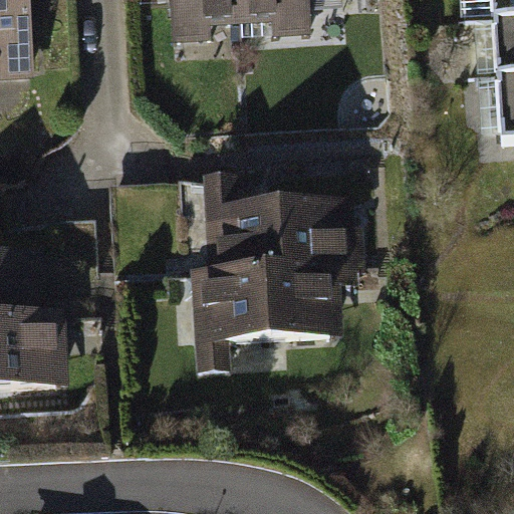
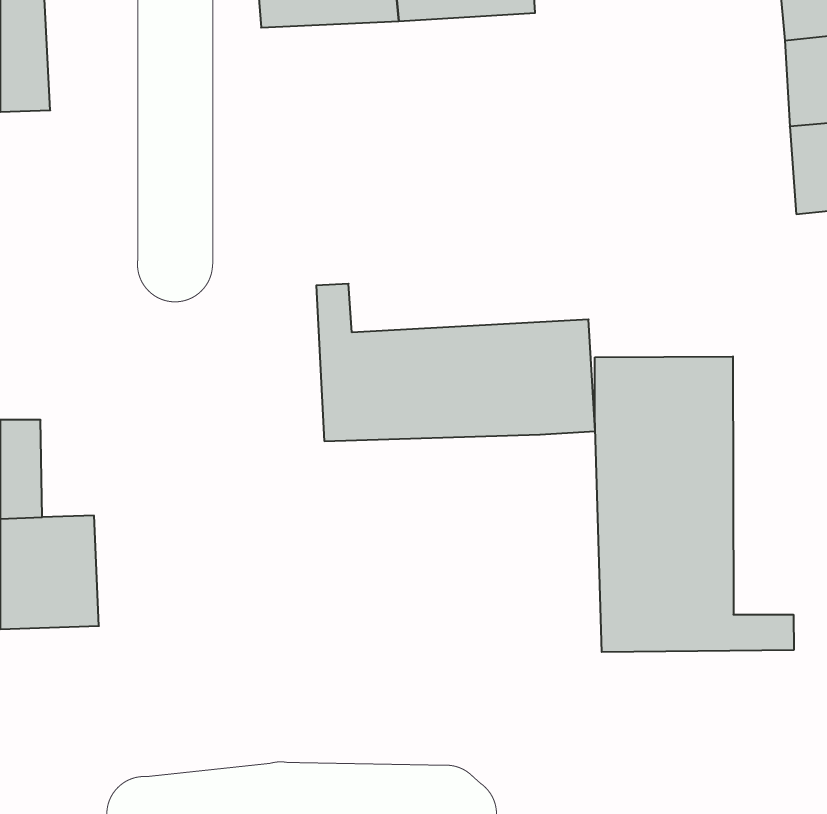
building: none -> [595,356,794,652]
building: [174,269,339,343] -> none

